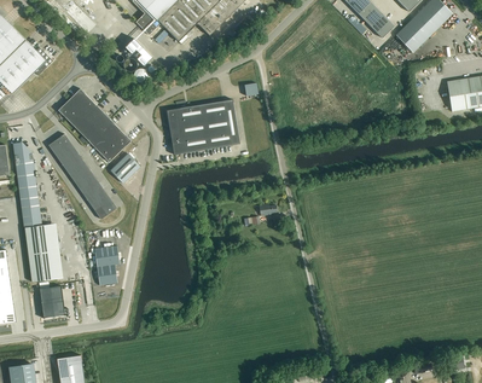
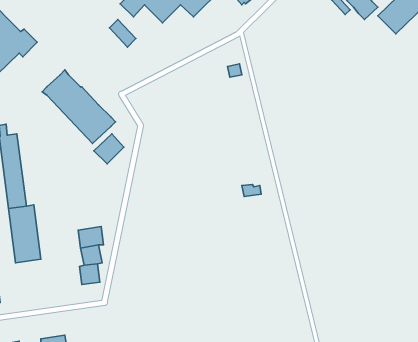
building: [165,99,239,153] -> none
building: [47,133,116,219] -> none
building: [37,285,63,317] -> none

